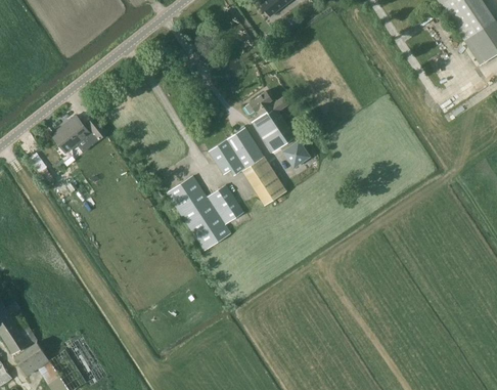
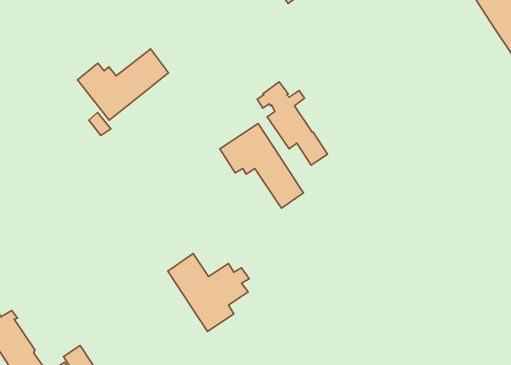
building: none -> [77,49,168,120]
building: [51,116,89,153] -> none
building: [168,176,243,249] -> [168,254,249,332]

